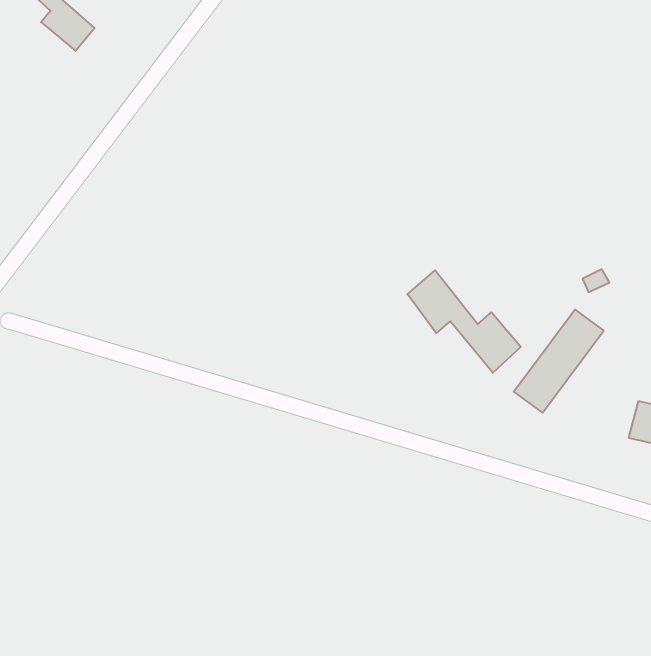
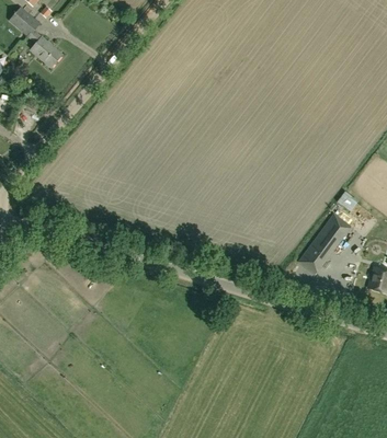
building: [407,270,521,373] -> none

